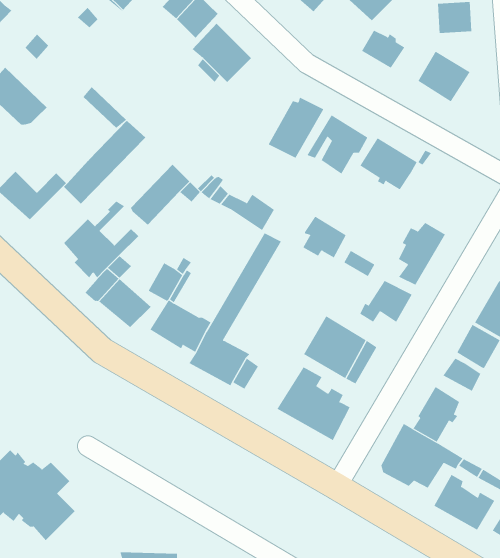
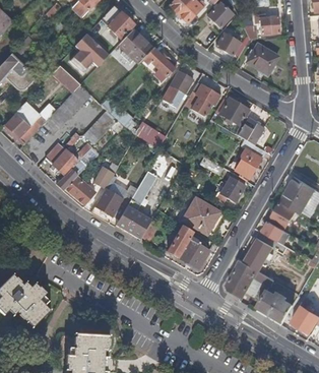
building: none -> [70,34,108,72]
building: none -> [142,48,175,76]
building: [303,216,347,258] -> [237,116,262,140]

